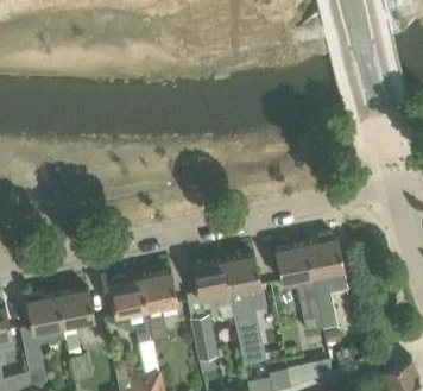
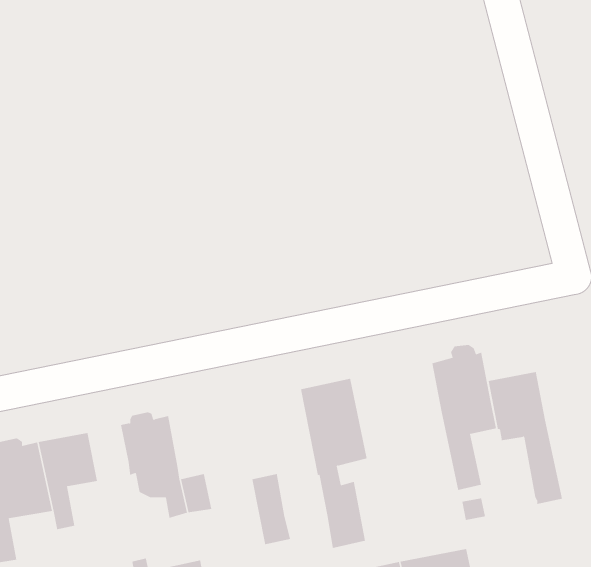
building: [274,246,322,330] -> [488,372,563,504]
building: [191,263,233,320] -> none
building: [139,272,177,311] -> none

